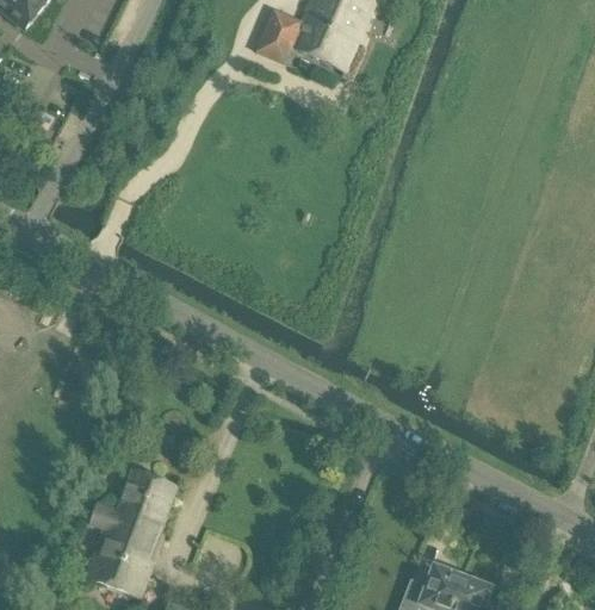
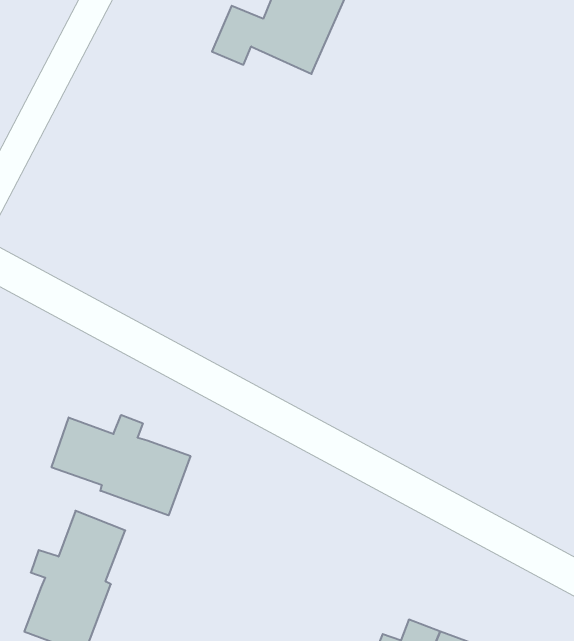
building: none -> [52,415,190,515]

